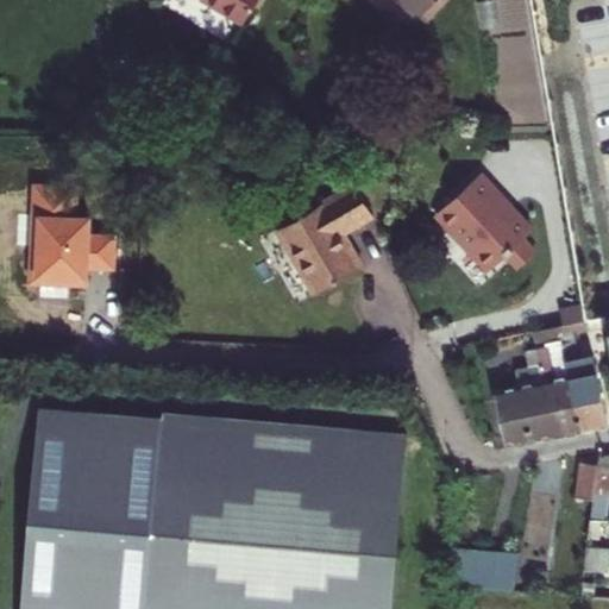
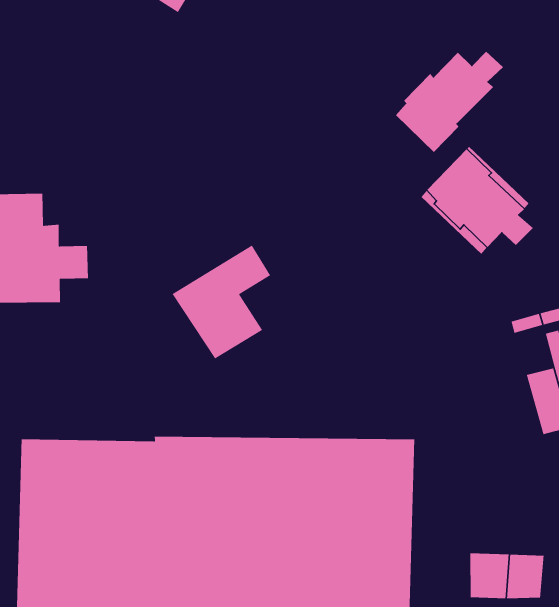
building: none -> [395,51,504,153]
building: [272,187,365,290] -> [172,244,271,359]
building: [490,384,527,447] -> none

